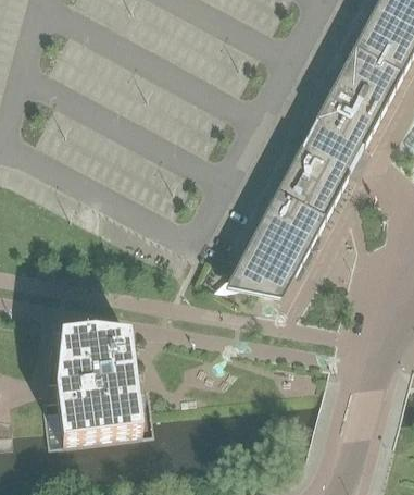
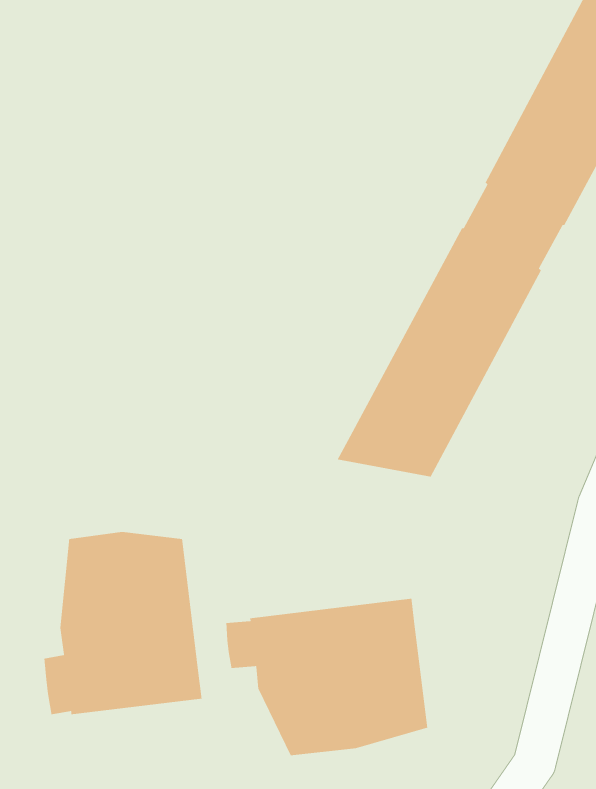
building: none -> [225,598,428,756]

